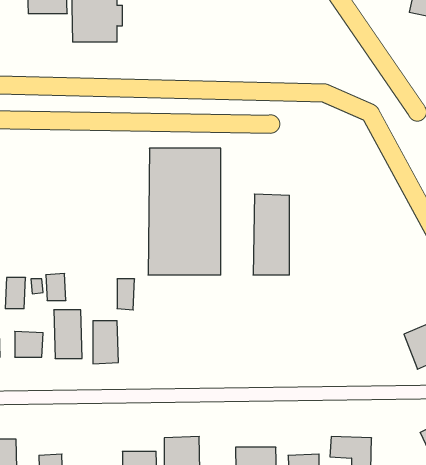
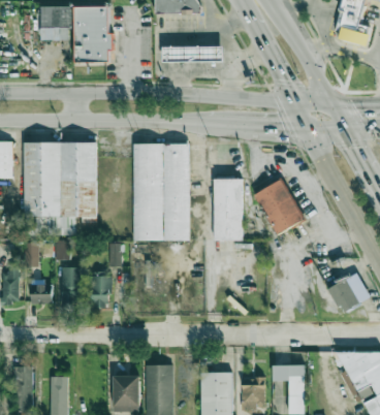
building: none -> [162,45,223,62]
building: none -> [24,141,95,234]
building: none -> [254,178,303,233]

